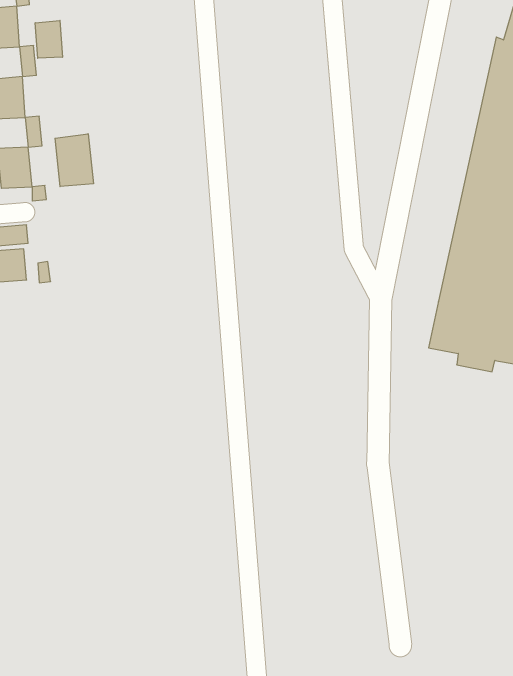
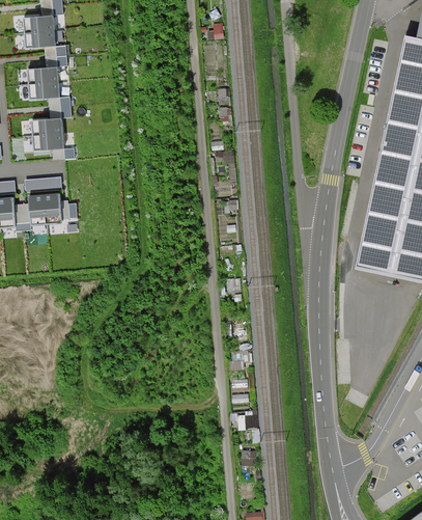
building: [35,20,62,58] -> none
building: [55,134,93,187] -> none

